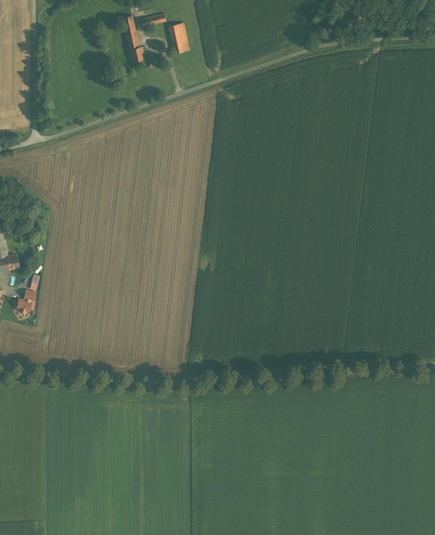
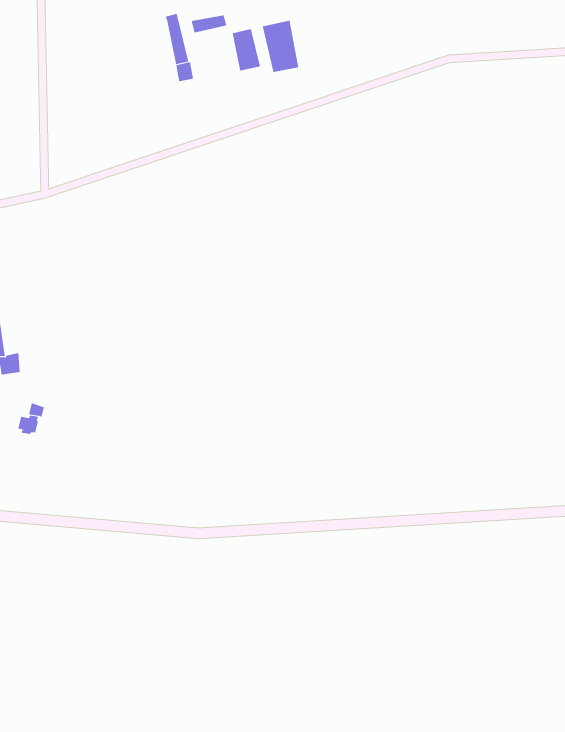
building: none -> [262,20,299,73]

